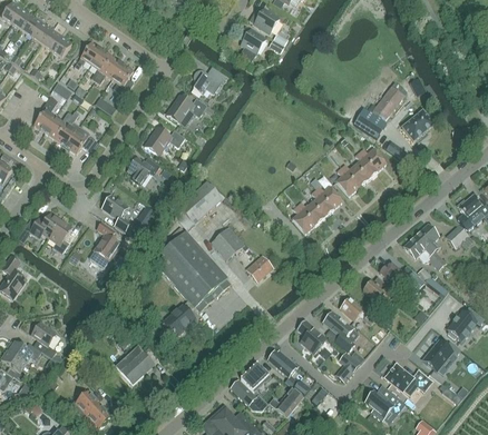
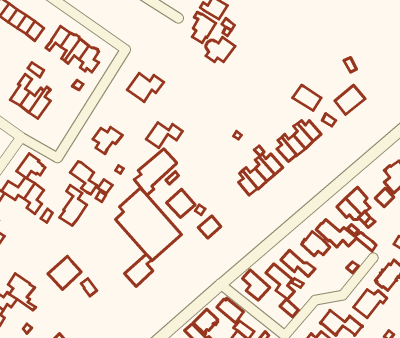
building: [193,66,226,93] -> [206,37,235,62]
building: [372,85,403,119] -> none
building: [65,126,97,154] -> [17,154,45,178]
building: [144,127,185,156] -> [146,122,182,148]
building: [116,345,154,383] -> [48,256,81,290]

